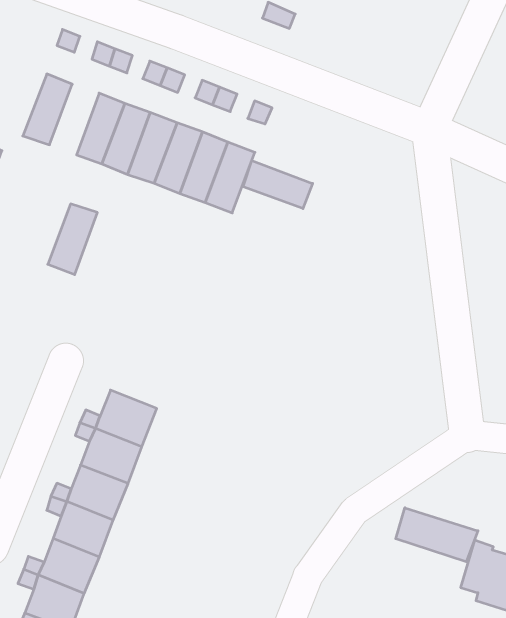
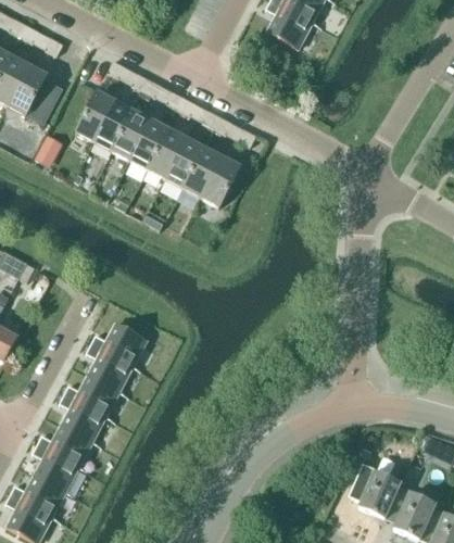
building: [243,161,313,209] -> none
building: [48,204,97,275] -> [94,100,135,151]
building: [396,508,478,562] -> none

